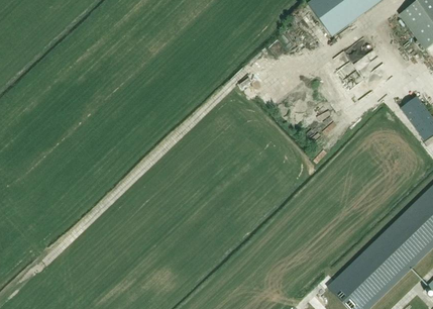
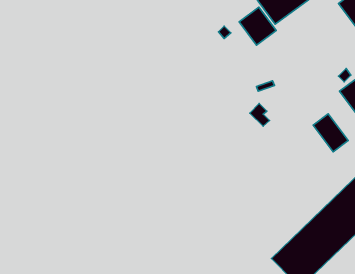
building: none -> [239,7,276,45]
building: none -> [313,114,348,152]

